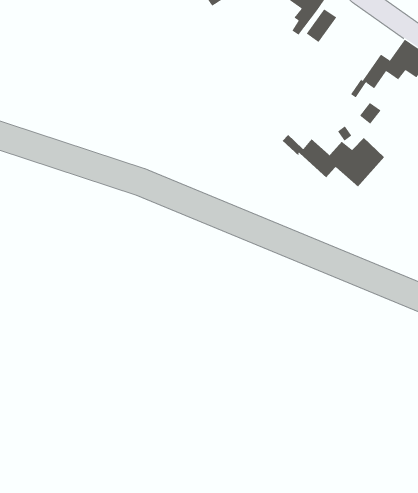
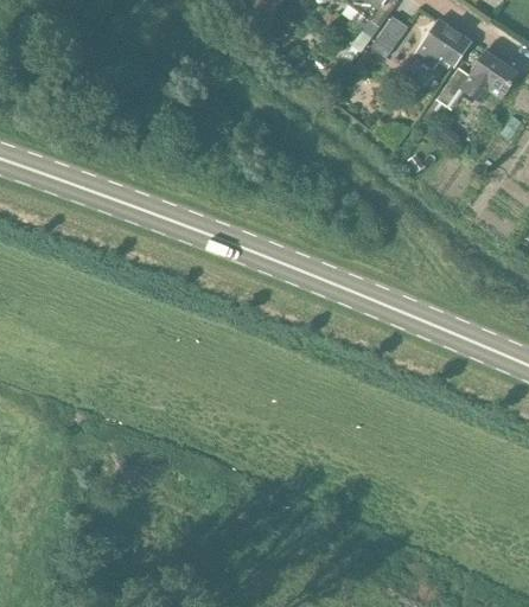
building: none -> [415,17,471,66]
building: [282,134,385,188] -> none

